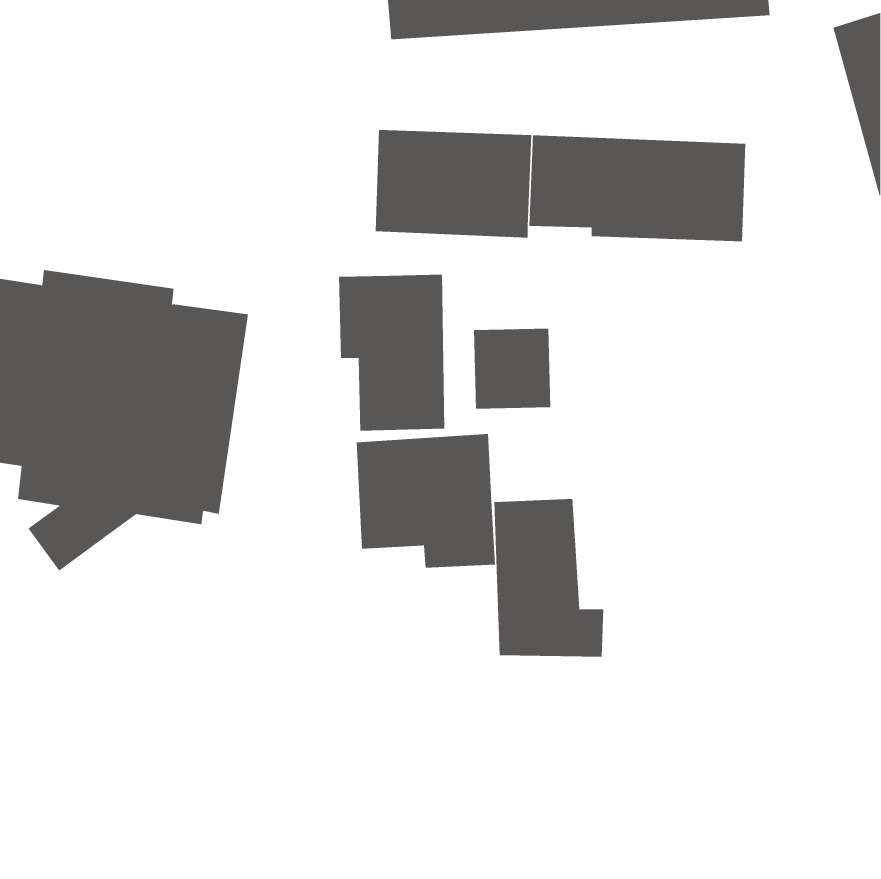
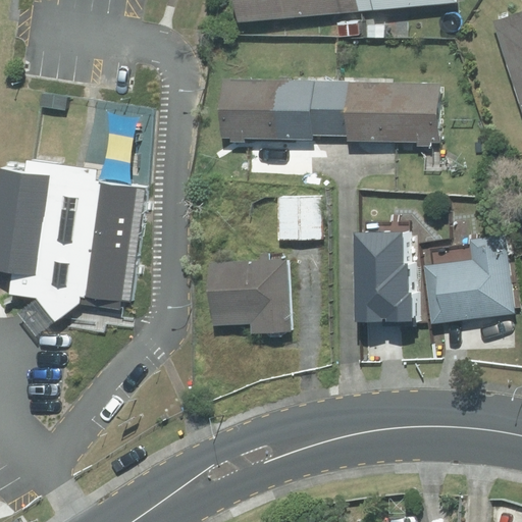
building: [338,274,445,432] -> none
building: none -> [425,231,514,327]
building: [494,498,604,657] -> [352,226,417,320]

